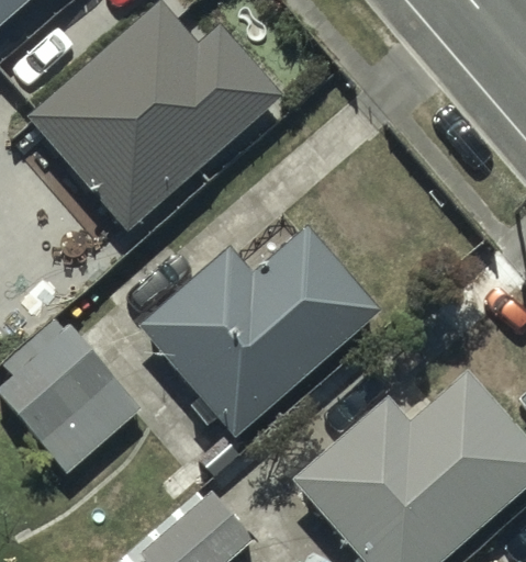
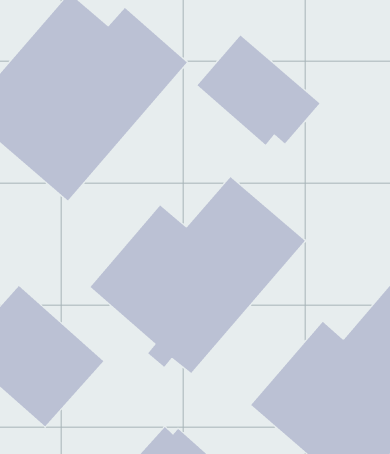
building: none -> [197,34,320,146]

